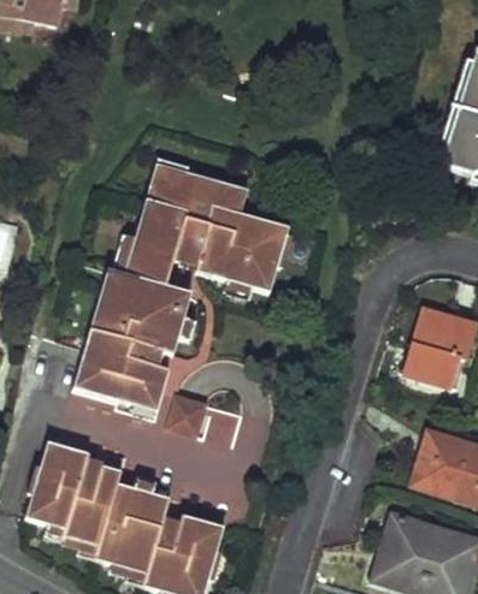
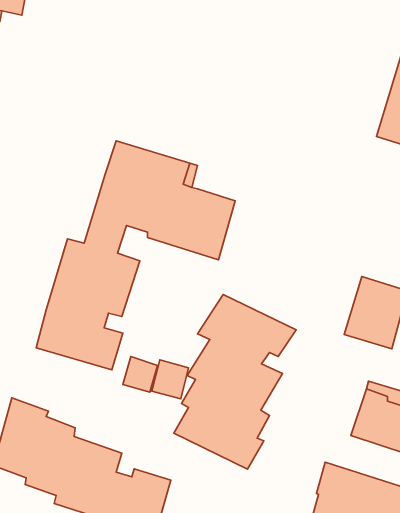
building: none -> [174,294,296,469]

